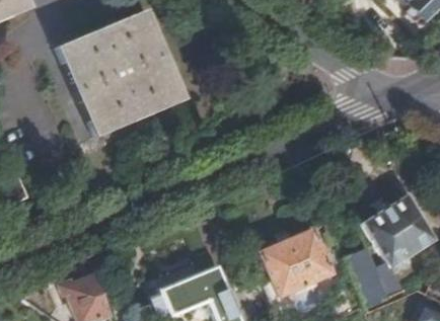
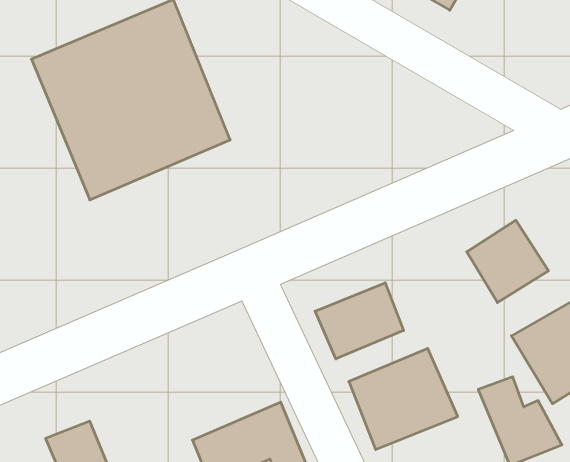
building: none -> [467,220,548,303]
building: none -> [315,283,404,359]

